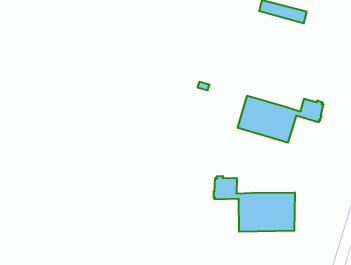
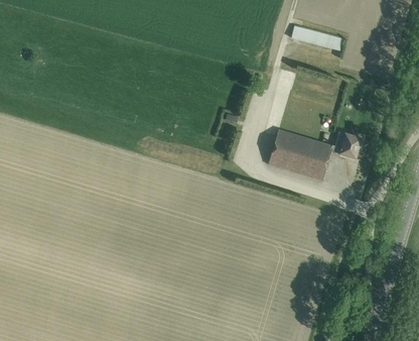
building: [214,176,295,232] -> none

